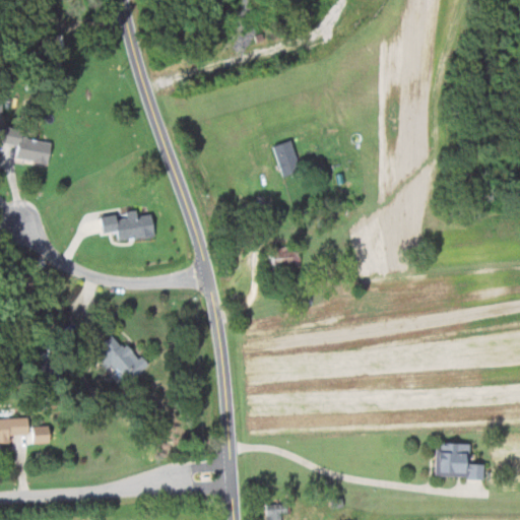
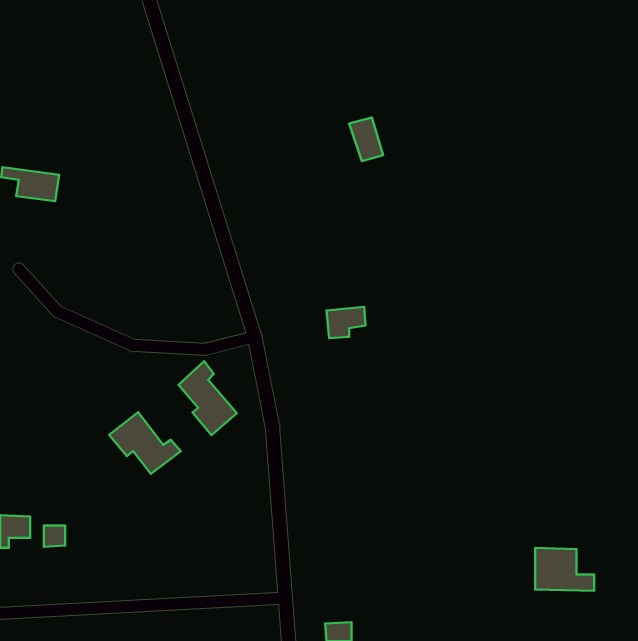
building: [273,141,301,177] -> [349,117,383,161]
building: [101,213,154,241] -> none
building: none -> [178,361,237,435]

